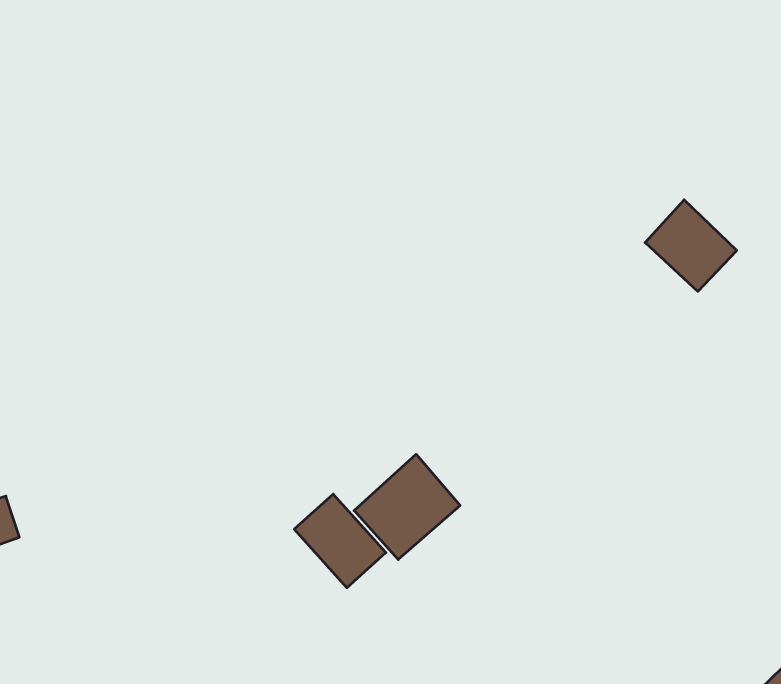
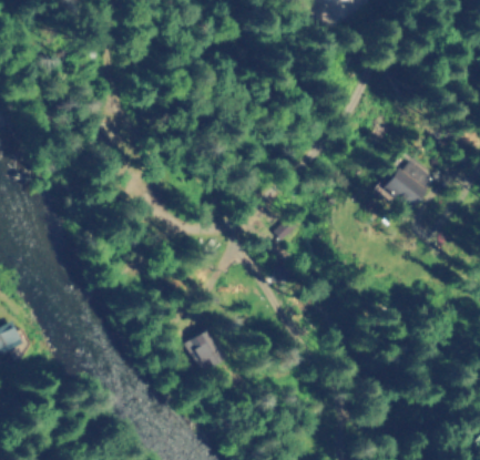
building: [354,454,460,560] -> none

